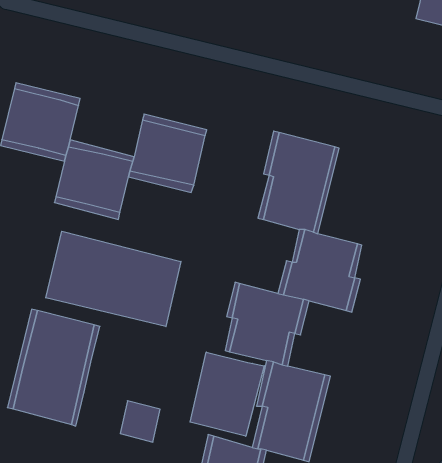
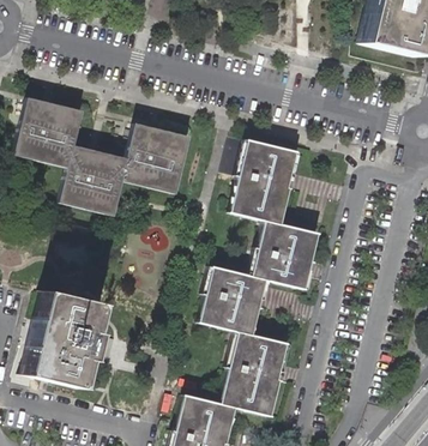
building: [46,231,181,327] -> none
building: [190,352,264,436] -> none
building: [120,401,160,442] -> [84,330,117,364]

